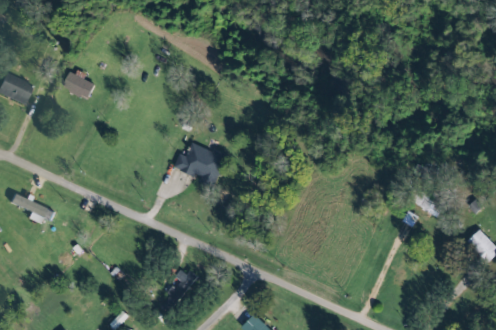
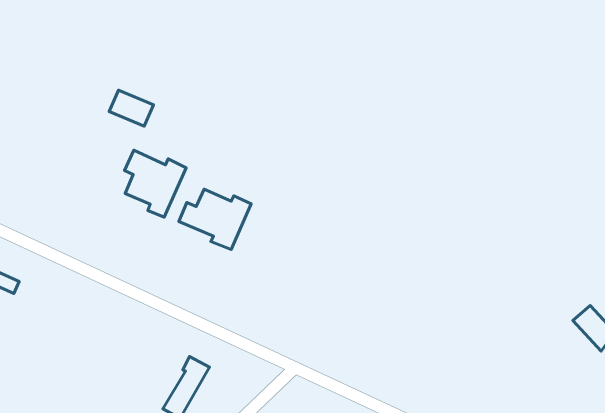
building: [62,72,95,99] -> [109,90,153,126]
building: none -> [125,150,186,217]

